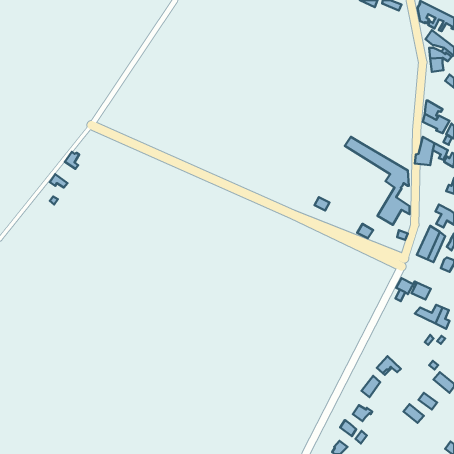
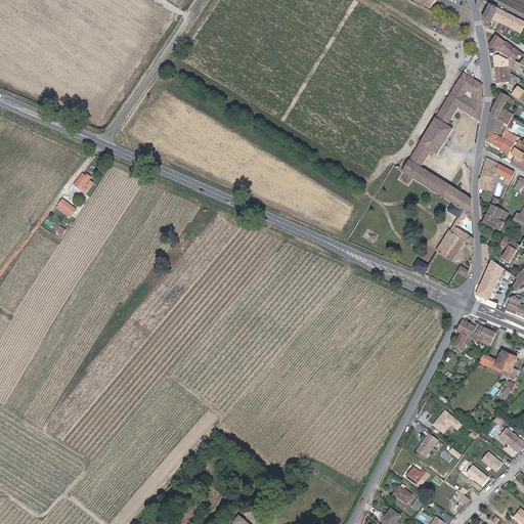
building: none -> [404,71,477,166]
building: none -> [492,92,516,126]
building: none -> [484,198,510,230]

